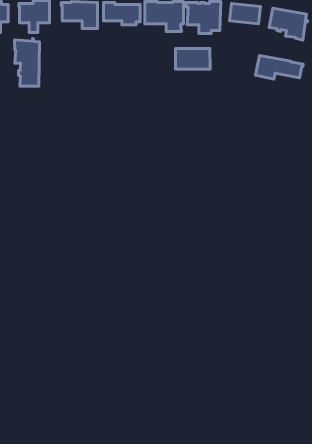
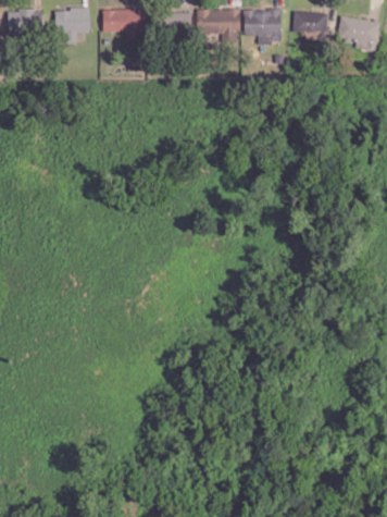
building: [14,38,40,86] -> none
building: [175,49,210,69] -> none
building: [256,56,303,79] -> none

